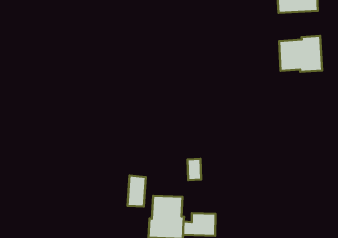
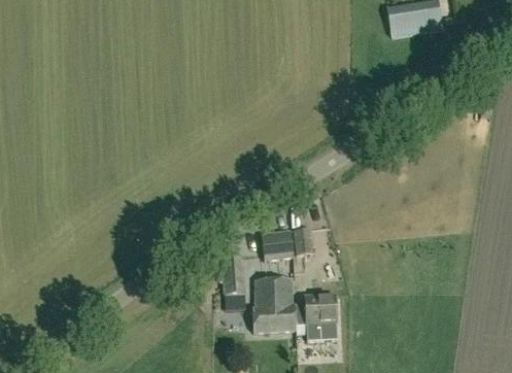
building: [279,36,322,72] -> none
building: none -> [261,232,294,261]

